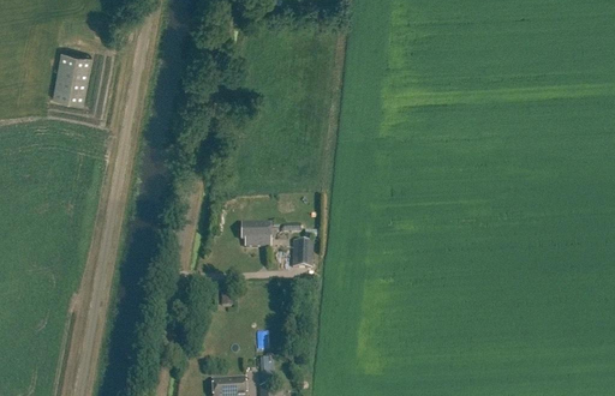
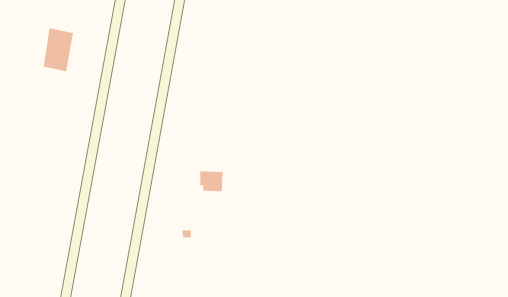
building: [292,241,312,268] -> none

